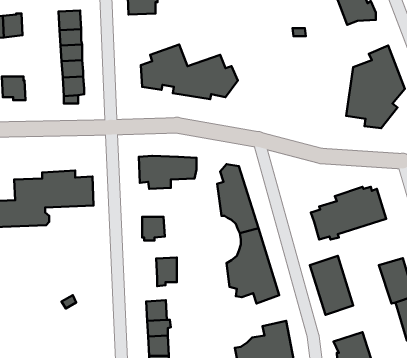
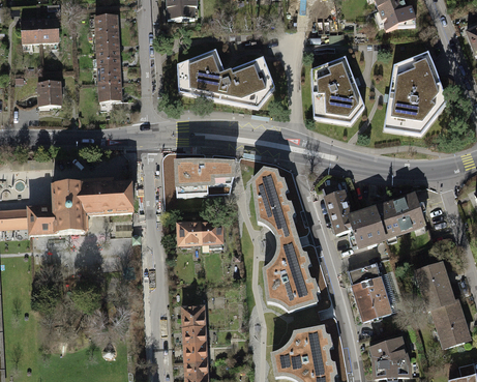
building: none -> [312,55,364,121]
building: none -> [326,189,352,232]
building: [156,257,177,286] -> [201,221,221,249]

